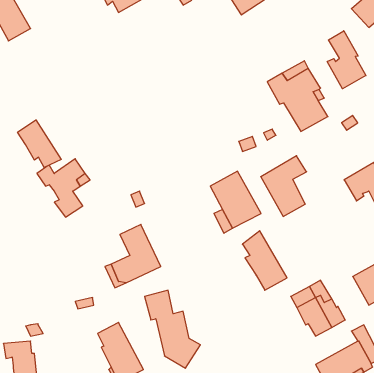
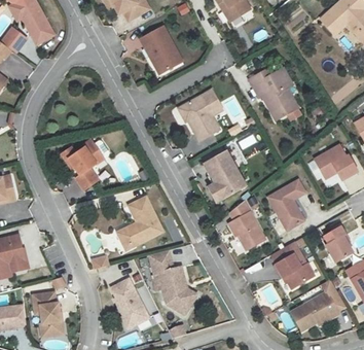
building: none -> [140,27,182,74]
building: [327,31,366,89] -> none
building: none -> [179,89,223,140]
building: [18,120,61,167] -> none
building: [261,156,307,216] -> [268,181,306,232]

